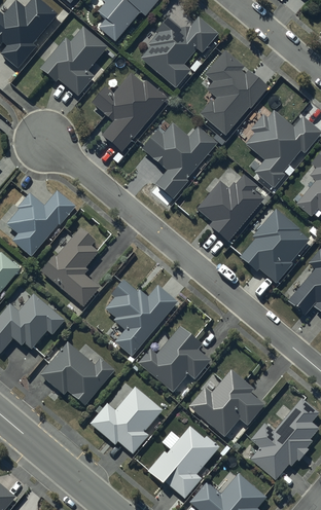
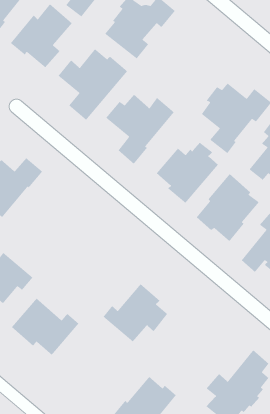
building: [200,49,270,135] -> none
building: [40,225,99,305] -> none
building: [105,279,177,356] -> none
building: [189,369,264,436] -> none
building: [91,387,163,453] -> none

